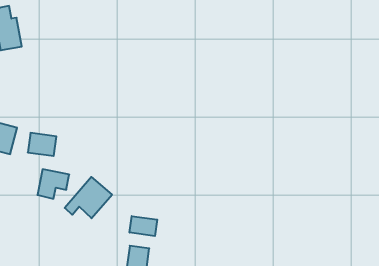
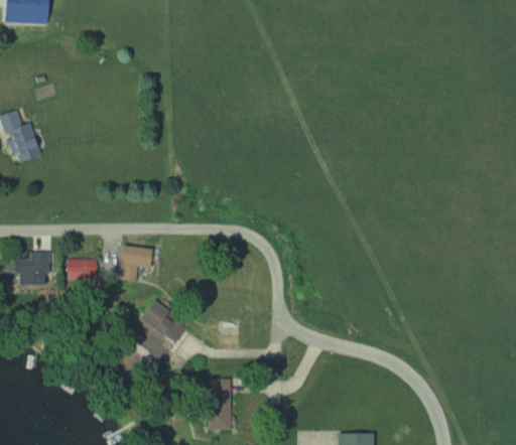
building: [37,169,69,199] -> [120,247,155,281]
building: [130,216,157,236] -> none

